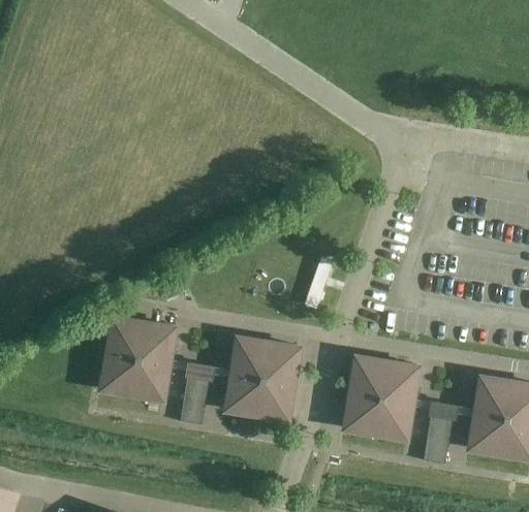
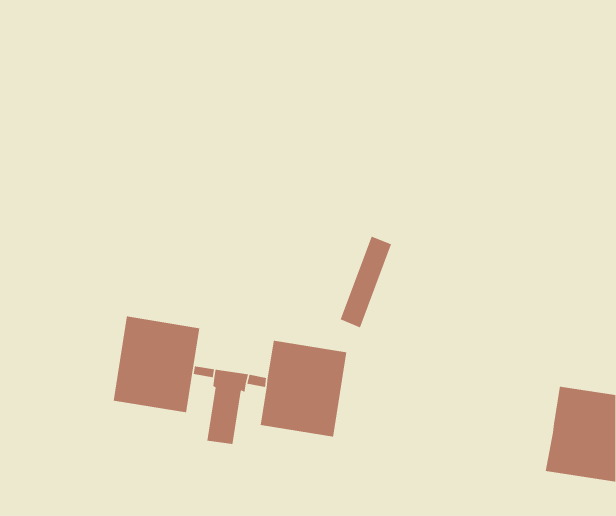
building: [343,357,474,466] -> none

